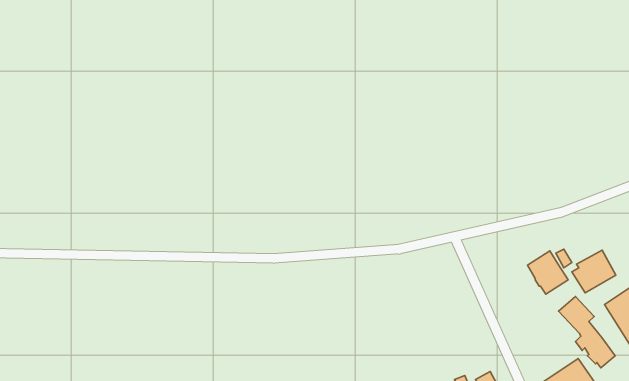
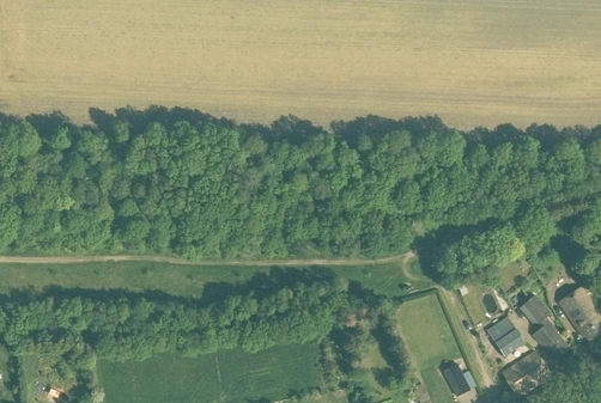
building: [572,250,616,293] -> none
building: [527,251,568,294] -> [486,317,523,356]

